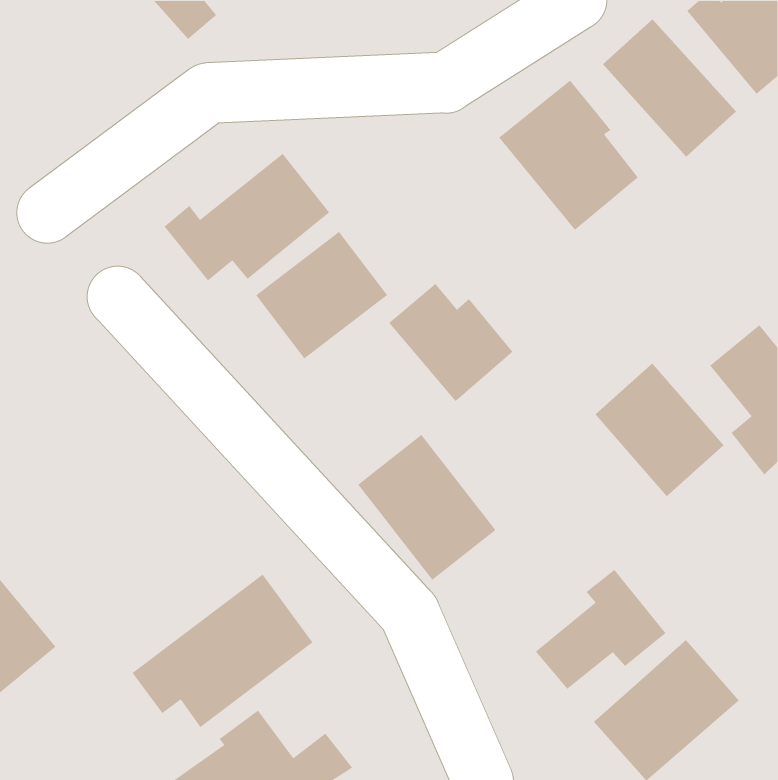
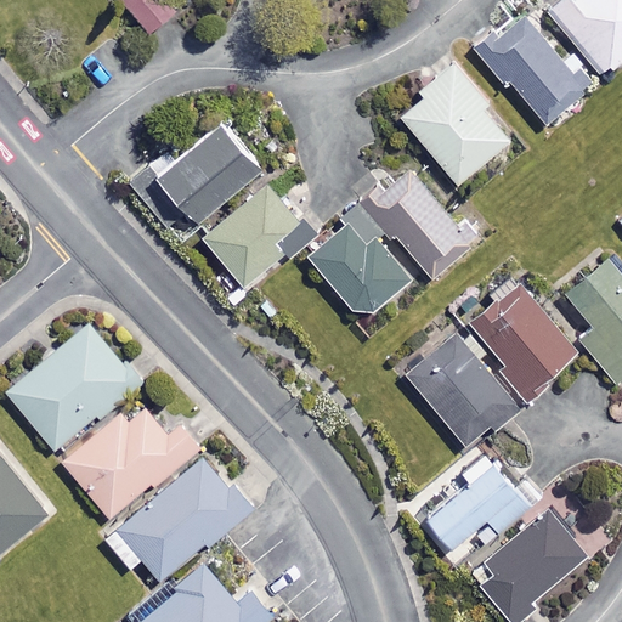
building: none -> [343,165,473,278]
building: none -> [7,326,136,449]
building: [357,434,496,581] -> [403,333,514,449]
building: none -> [63,401,197,516]

